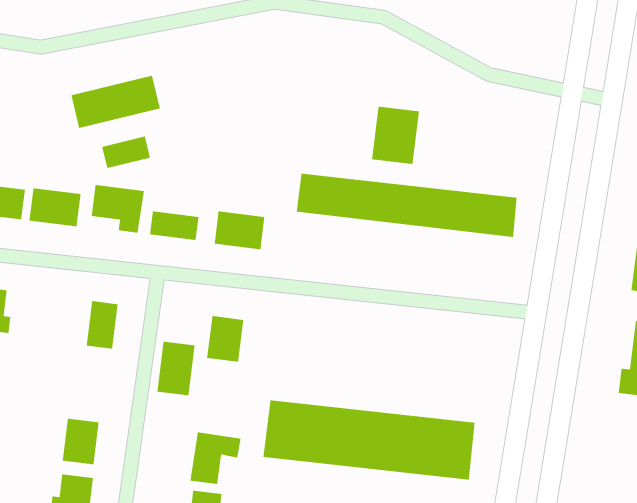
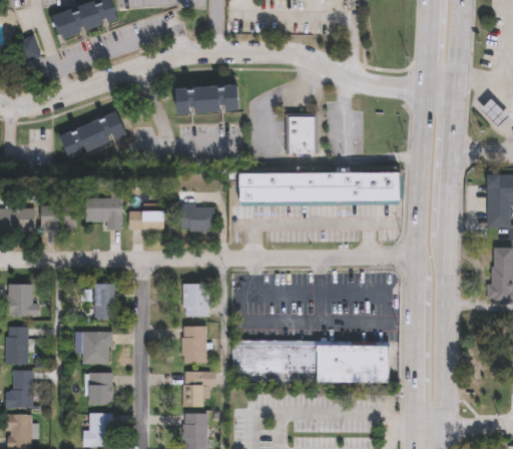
building: none -> [177,86,240,114]
building: [101,136,151,169] -> none
building: [157,341,195,396] -> [181,326,205,364]
building: none -> [82,331,111,364]

